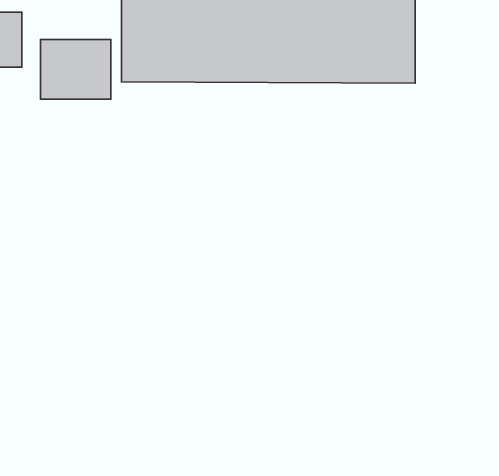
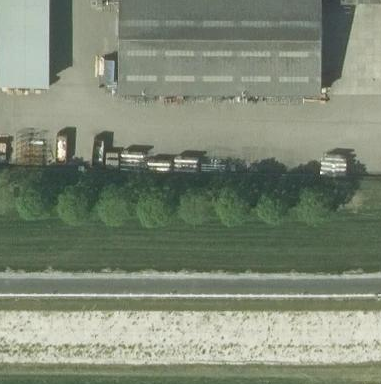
building: [40,39,111,99] -> none

